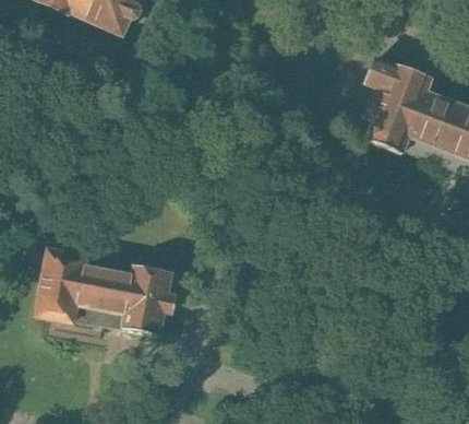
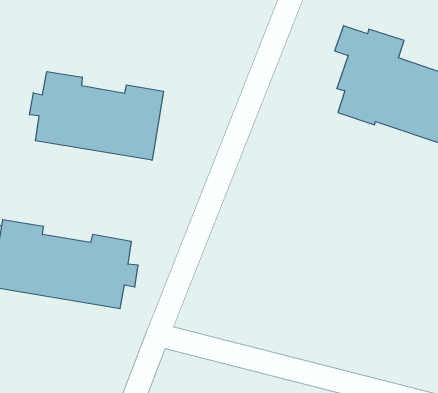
building: none -> [30,72,164,160]

